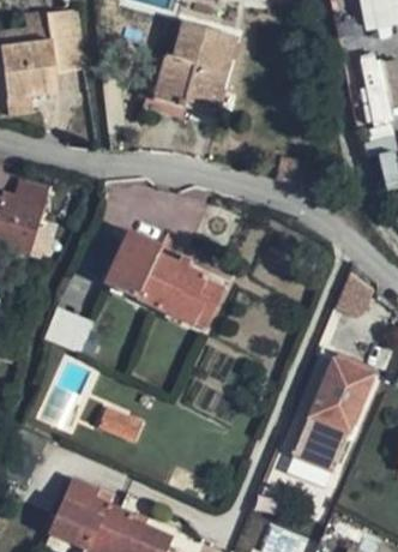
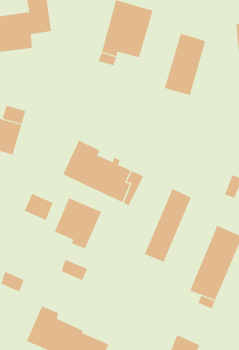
building: none -> [164,33,206,96]
building: none -> [144,189,191,263]
building: none -> [54,198,102,249]

